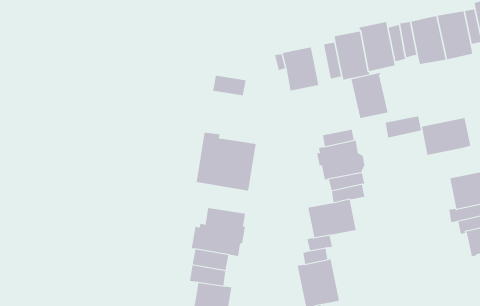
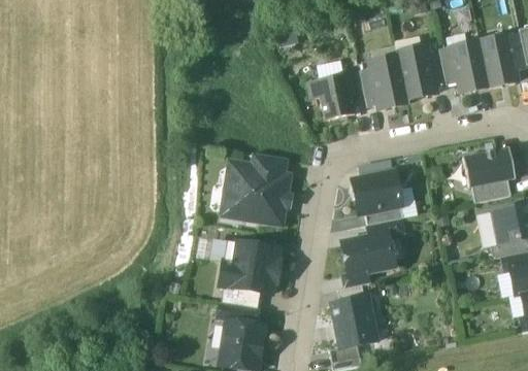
building: [351,72,388,119] -> none
building: [212,75,246,96] -> [251,154,287,175]
building: [385,116,422,138] -> [472,180,512,204]

